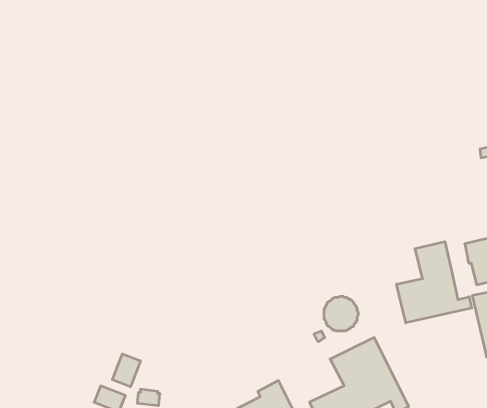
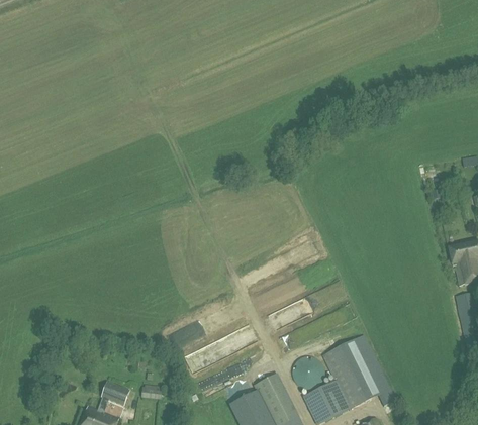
building: [397,242,472,323] -> none
building: [324,296,358,331] -> [292,354,324,387]
building: [112,354,140,387] -> none

